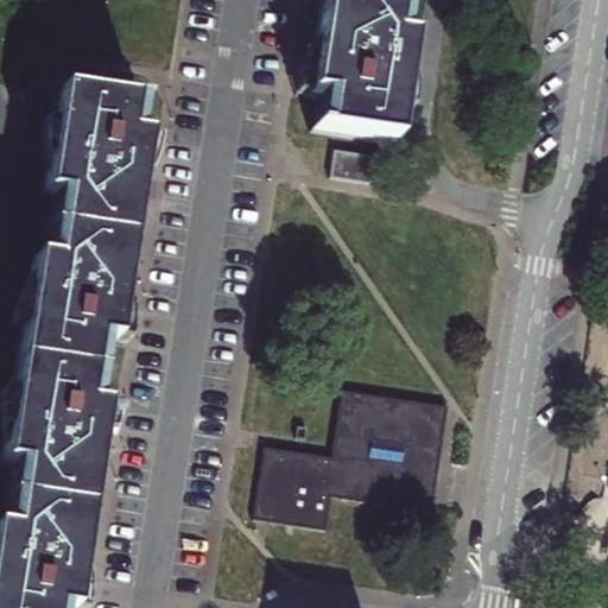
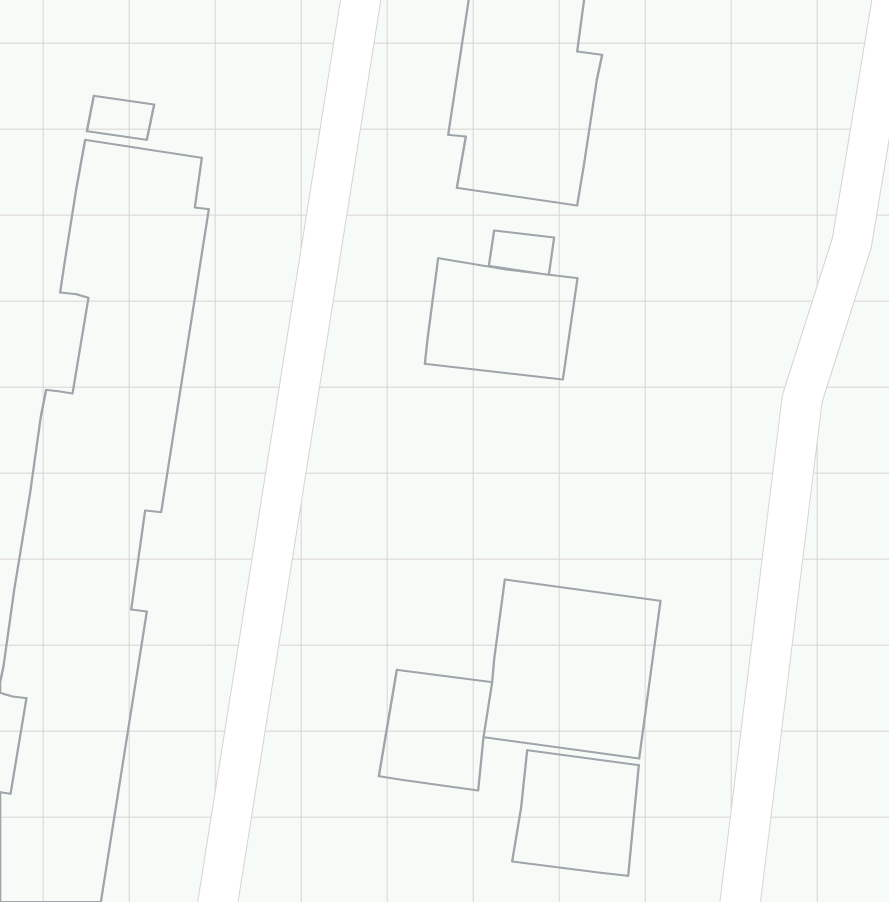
building: none -> [425,258,578,379]
building: none -> [512,750,639,876]

